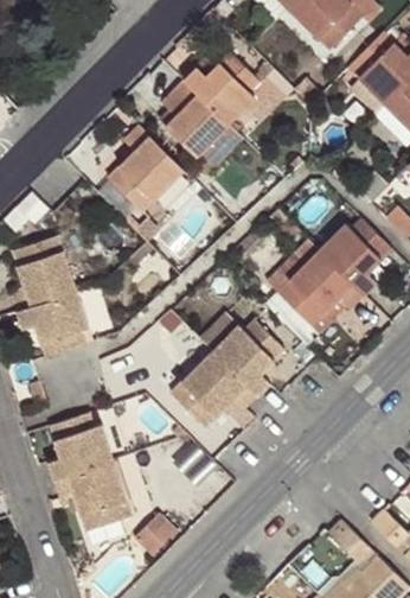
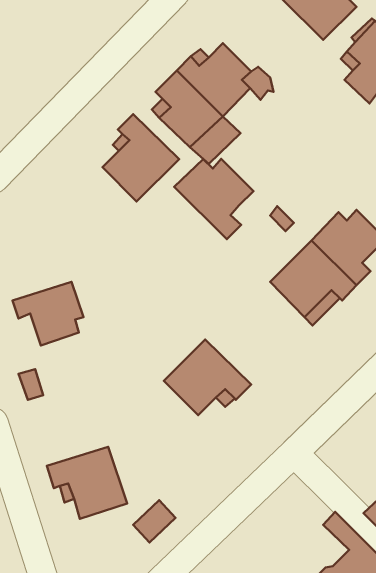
building: none -> [174,159,254,239]
building: [12,235,78,311] -> none
building: [201,312,286,395] -> none
building: [47,411,115,477] -> none

